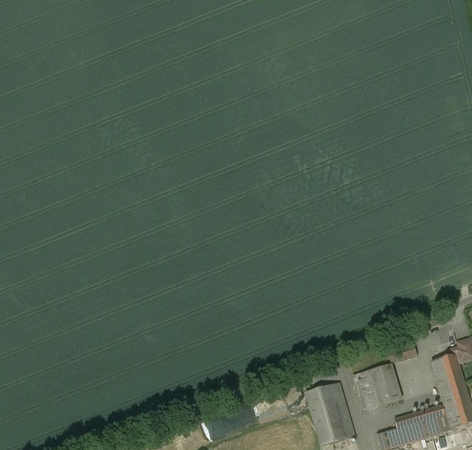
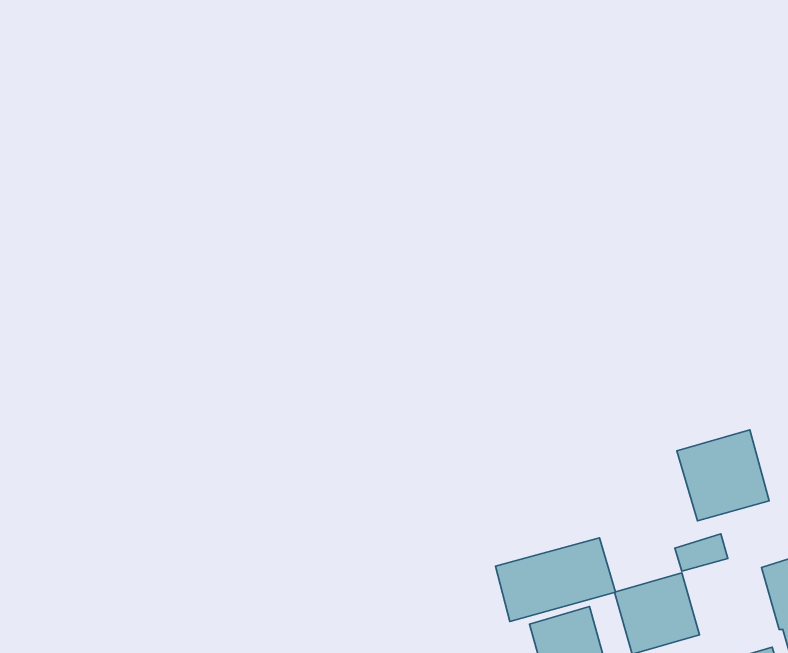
building: none -> [677,430,769,521]
building: none -> [495,538,615,621]

